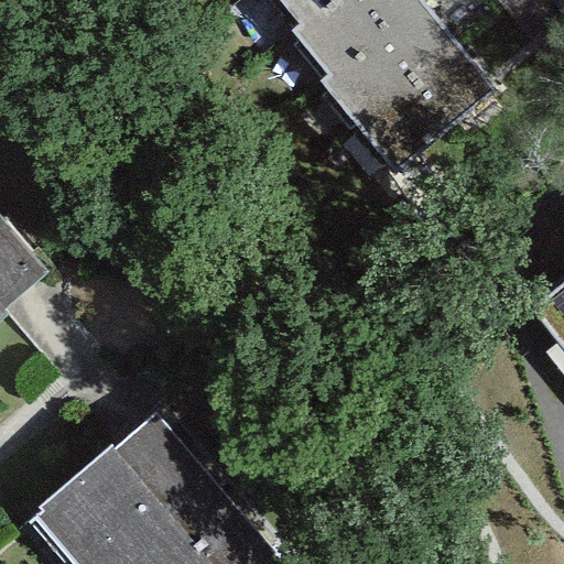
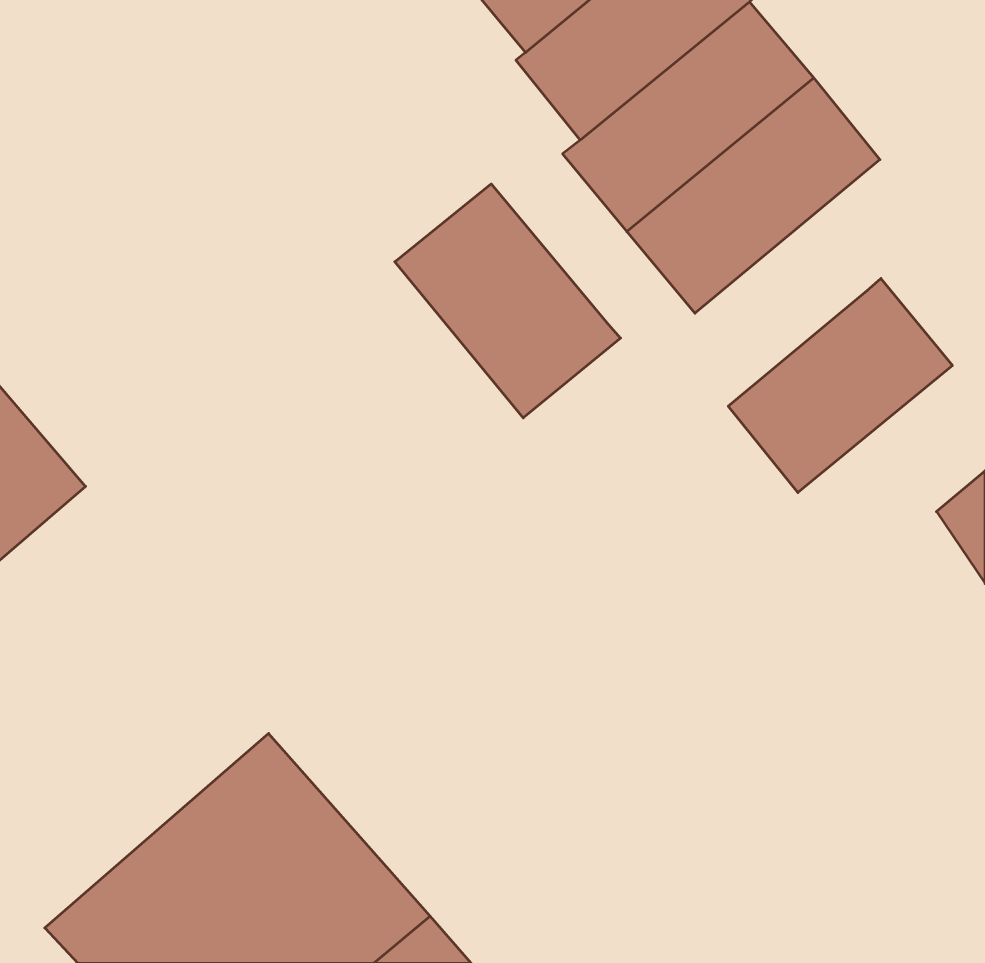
building: none -> [395,184,621,418]
building: none -> [728,278,952,493]

